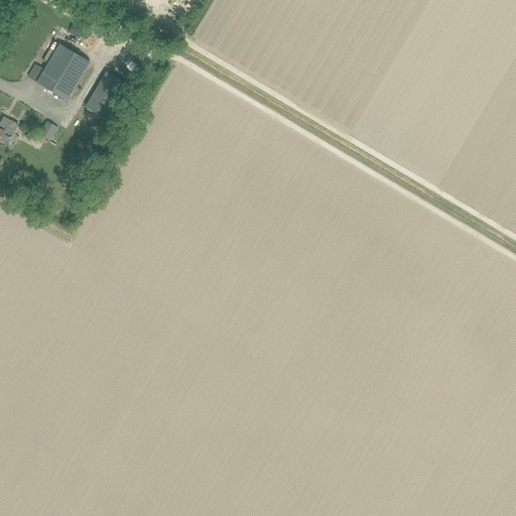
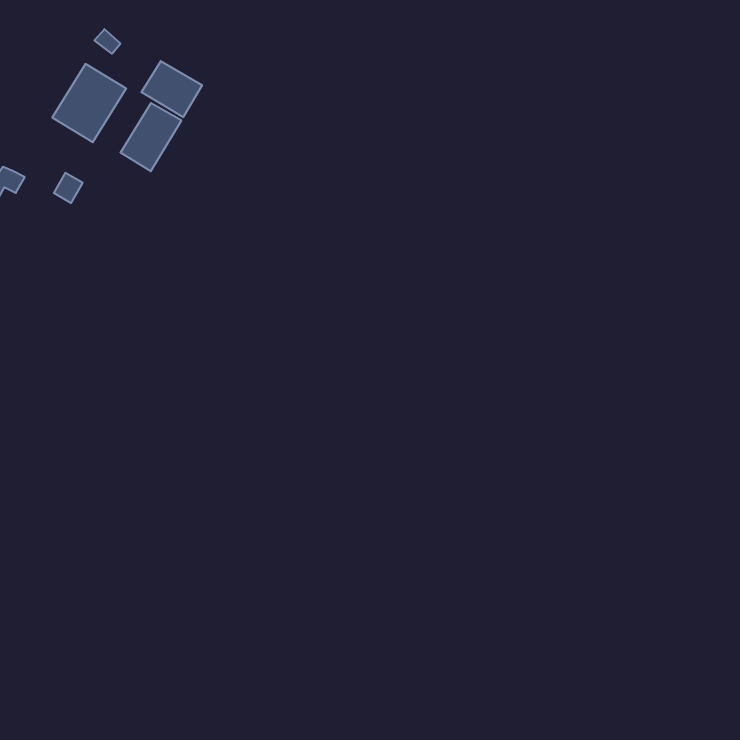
building: none -> [141,61,202,117]

